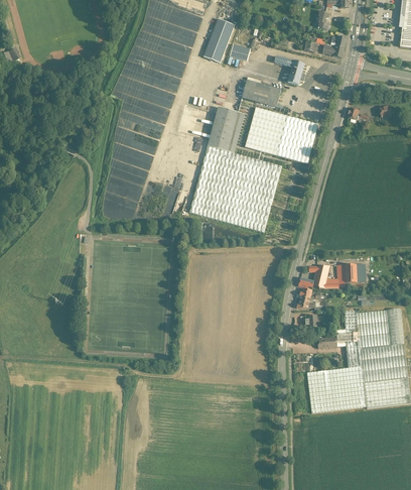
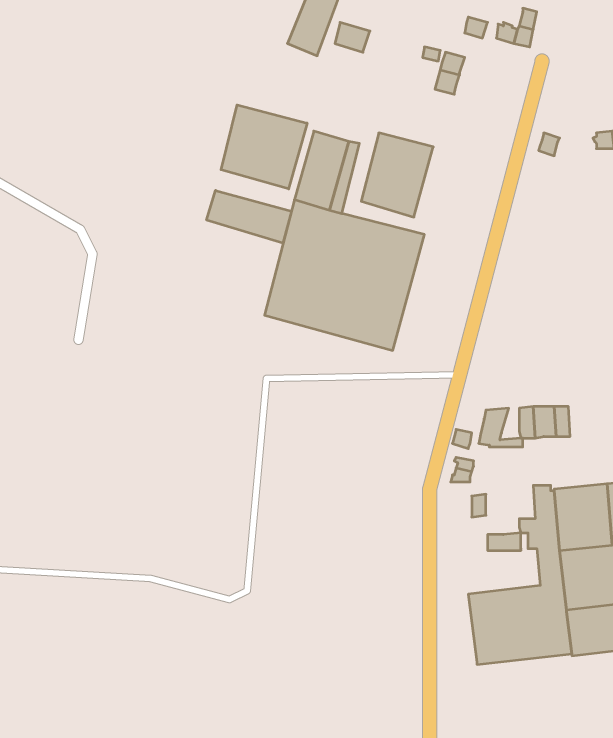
building: [241,80,280,106] -> none
building: none -> [221,105,307,189]
building: [275,115,317,163] -> none
building: none -> [207,190,292,243]

